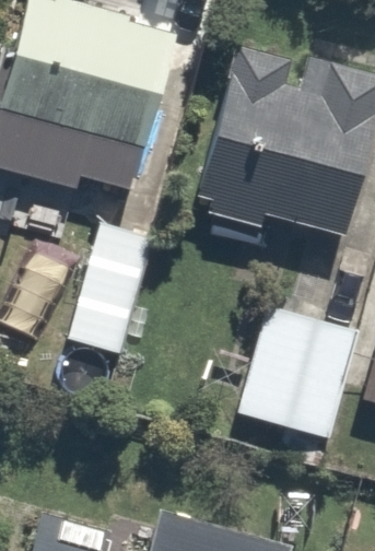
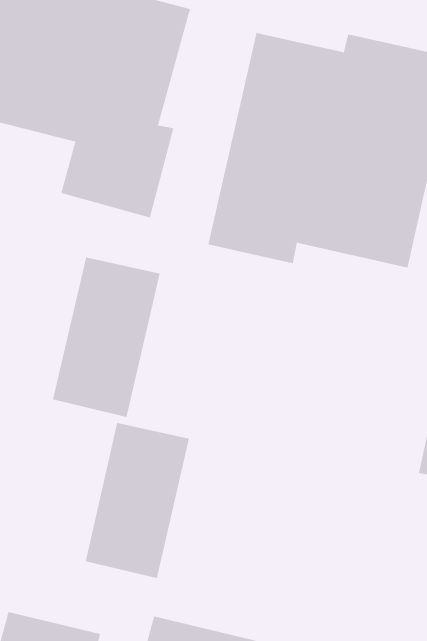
building: [235,309,352,436] -> none
building: none -> [85,422,190,579]

